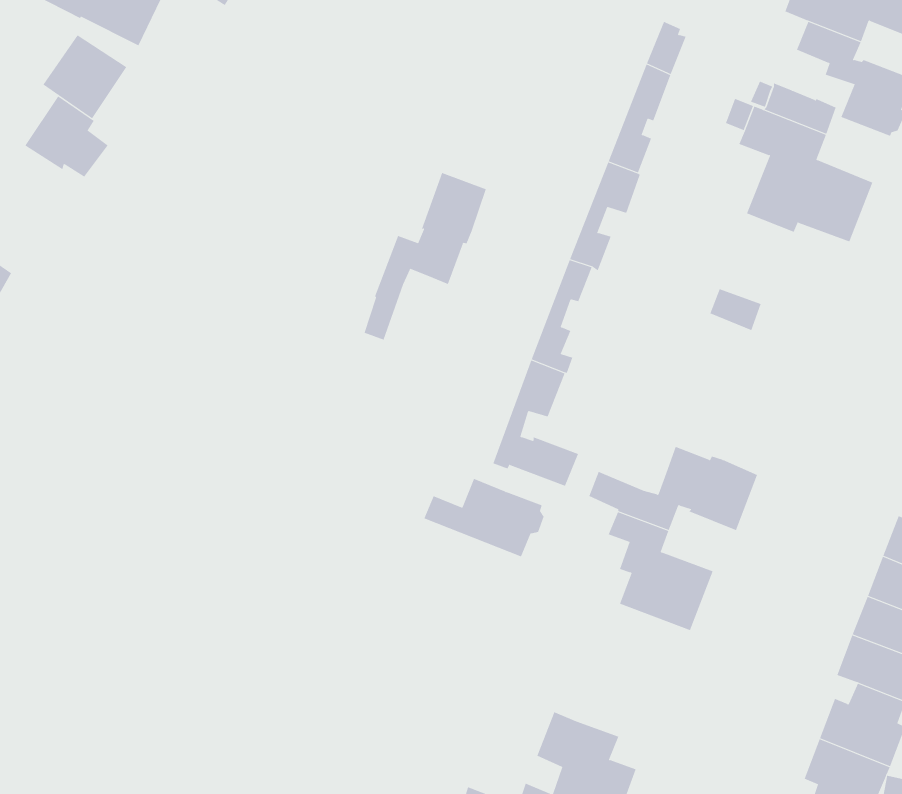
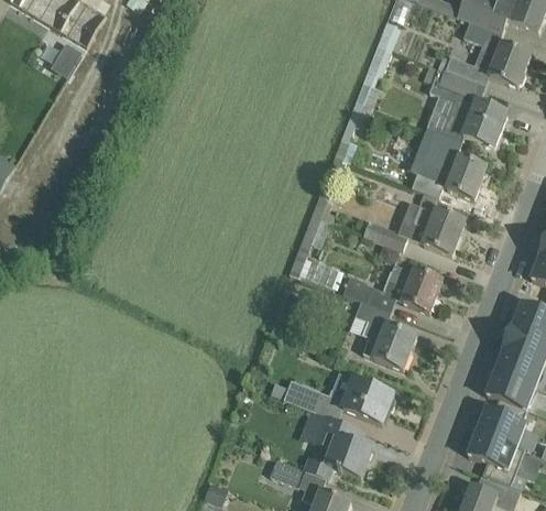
building: [25,95,108,177] -> none
building: [364,172,486,340] -> none
building: none -> [429,129,487,197]
building: none -> [363,199,465,253]
building: [423,478,545,557] -> [326,377,395,422]
building: none -> [285,377,325,411]

